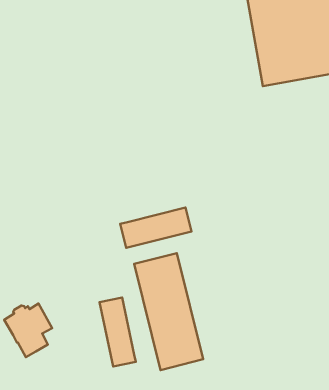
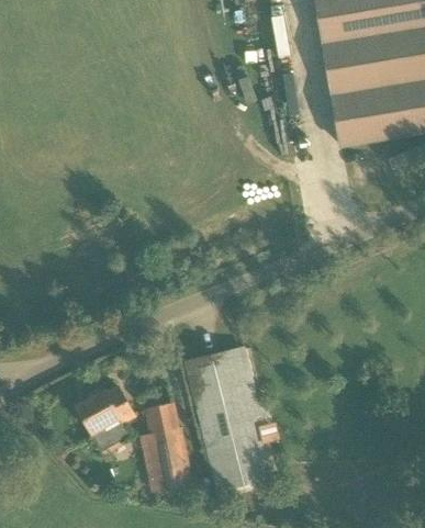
building: [120,208,192,248] -> none
building: [4,304,52,357] -> [76,385,134,450]

